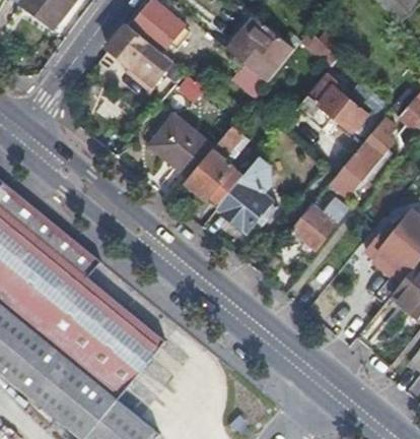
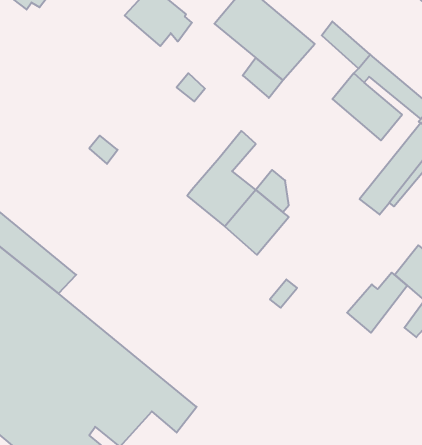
building: [108,22,172,84] -> none
building: [150,117,212,177] -> none
building: [289,196,341,248] -> [347,273,407,333]

